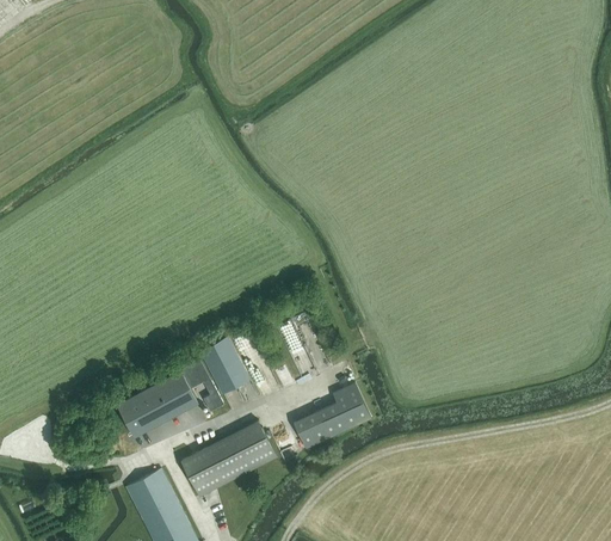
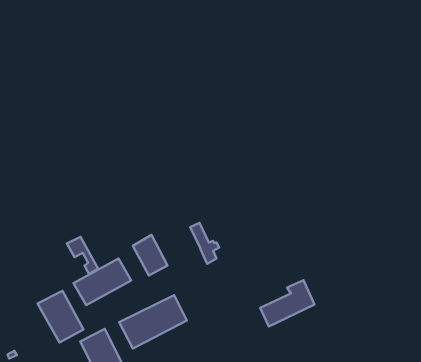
building: [180,358,224,411] -> [67,237,98,274]
building: [295,383,371,449] -> [260,280,314,327]
building: none -> [37,291,84,343]

